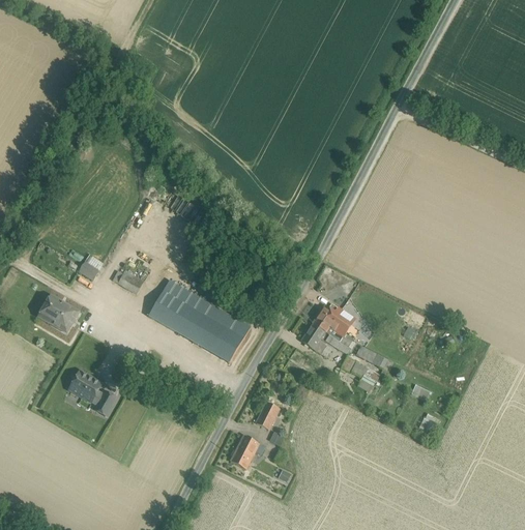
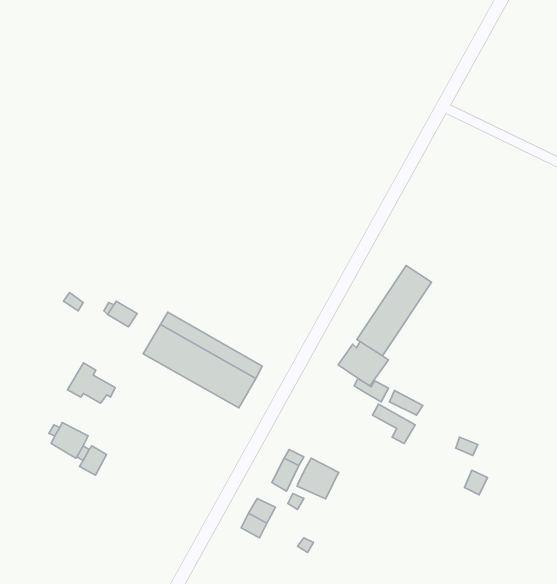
building: none -> [357,266,432,356]
building: [37,295,78,329] -> [67,363,115,403]
building: [301,324,327,355] -> none
building: none -> [297,458,339,499]

